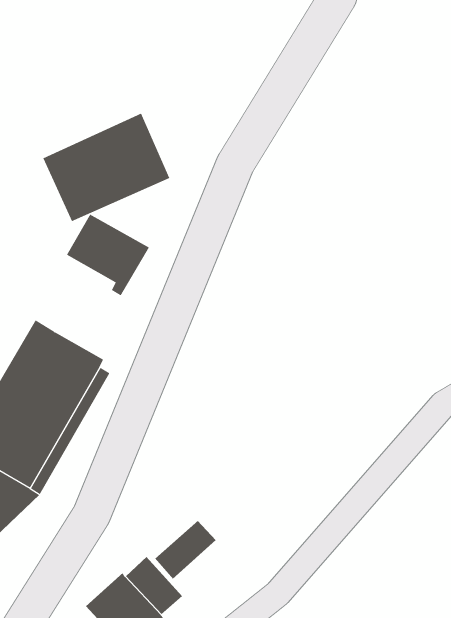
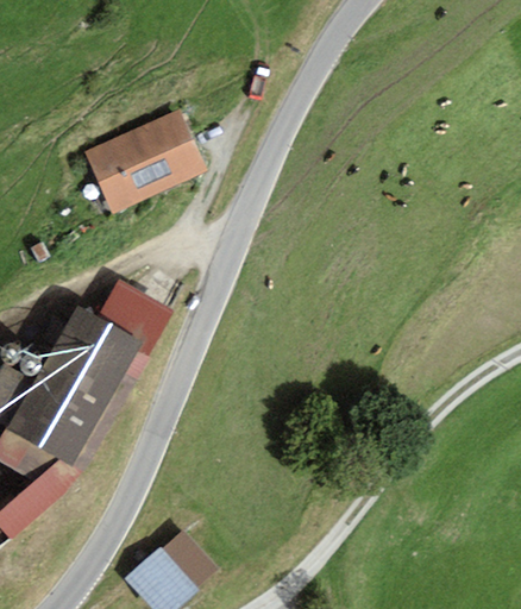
building: [66,214,150,296] -> [95,278,175,357]
building: [154,520,216,580] -> none

